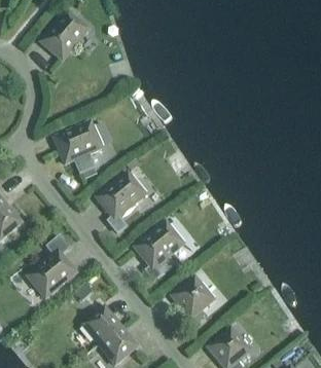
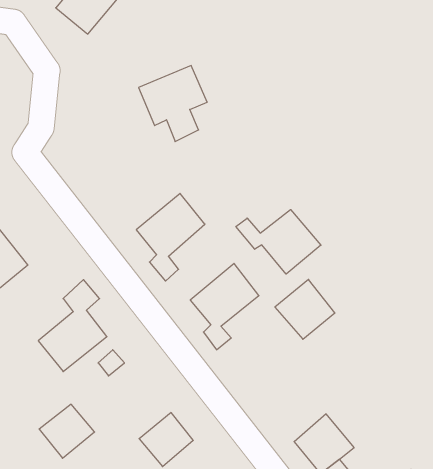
building: [53,122,102,176] -> [139,66,207,142]
building: none -> [236,210,321,274]
building: [171,277,213,319] -> [275,279,335,339]
building: [82,307,121,345] -> [39,404,95,458]

